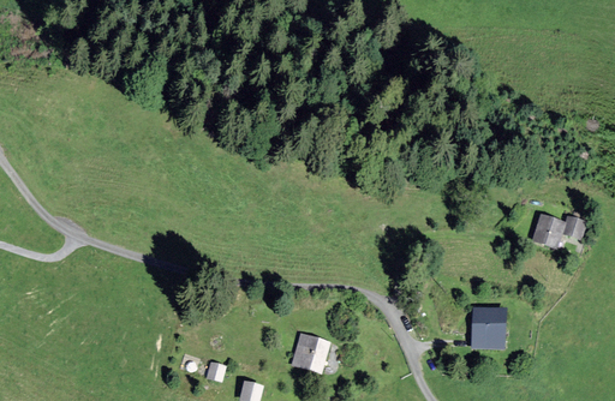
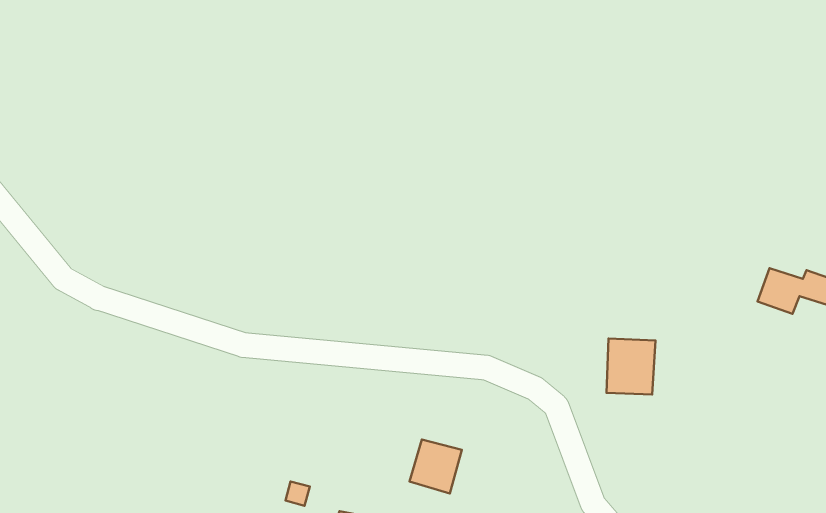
building: [472,309,506,347] -> [607,339,656,395]

